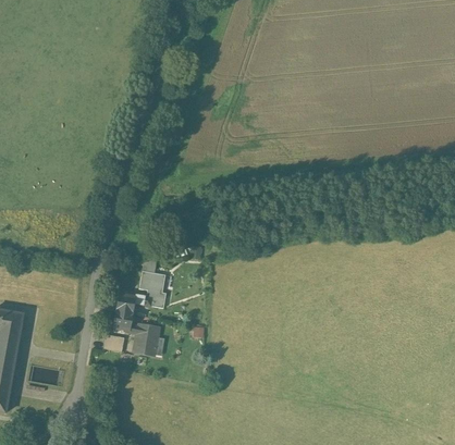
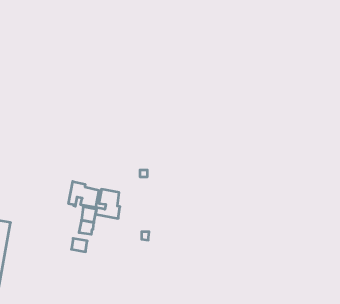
building: none -> [69,181,99,208]
building: [127,323,158,356] -> none

